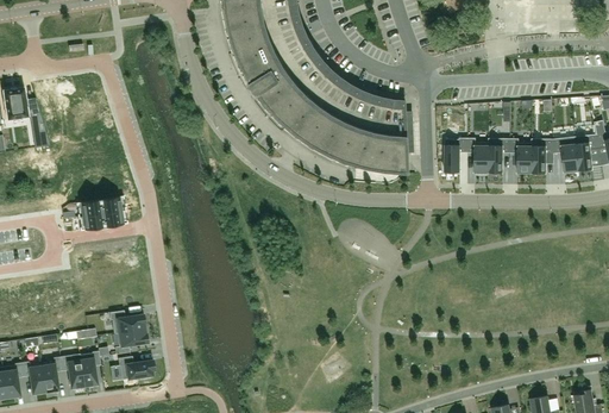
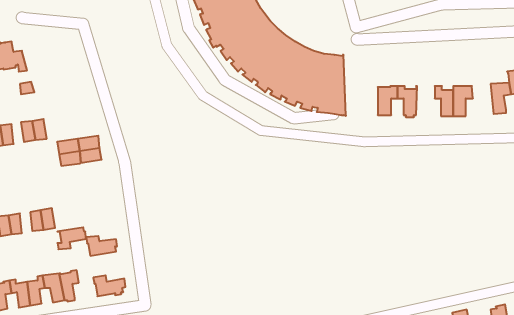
building: [551,136,576,171] -> none
building: [486,138,508,173] -> none
building: [112,328,145,353] -> [57,227,86,249]

